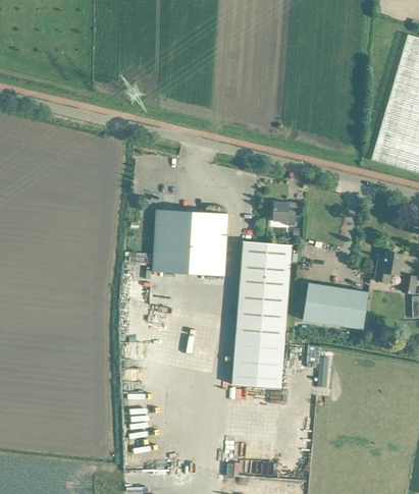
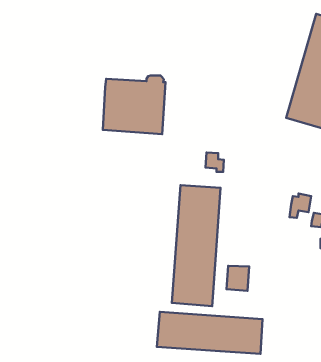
building: [152,206,228,277] -> [103,75,166,134]
building: [302,283,369,329] -> none
building: none -> [157,312,262,354]

